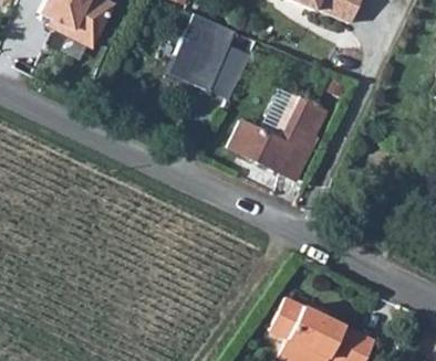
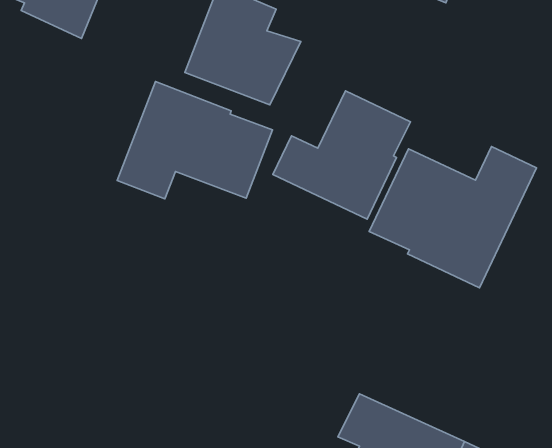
building: none -> [117,82,273,199]
building: none -> [369,147,537,288]

